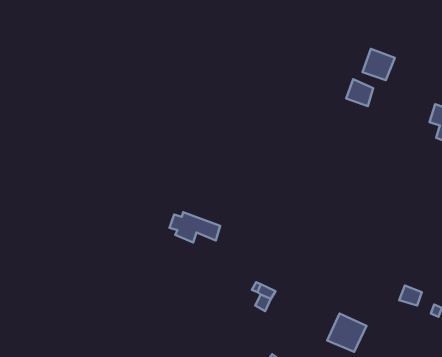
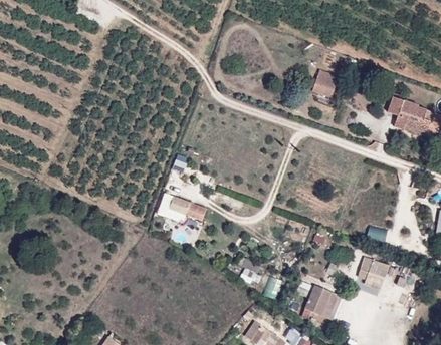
building: [362,49,395,80] -> none

